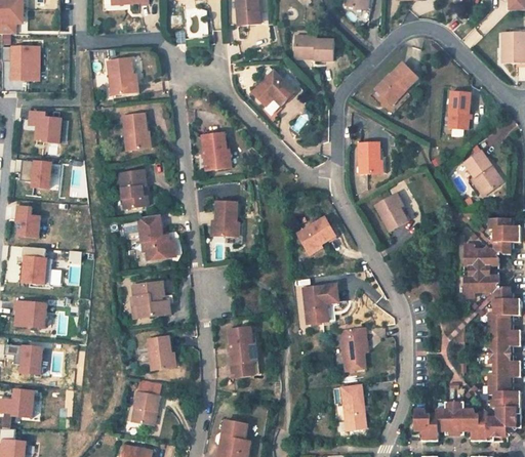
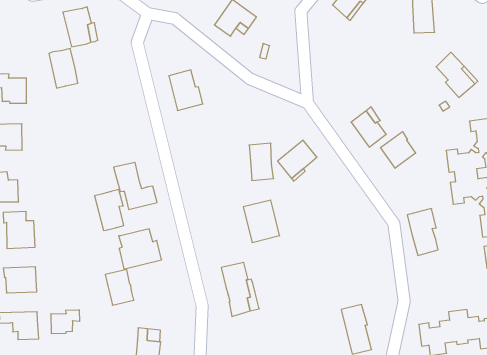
building: [121,114,146,151] -> [49,48,78,88]
building: [357,141,385,172] -> none
building: [117,170,144,208] -> [95,189,124,230]
building: [213,201,237,237] -> [249,143,274,180]
building: none -> [381,132,416,168]
building: [302,284,334,323] -> [243,200,280,242]
building: [339,326,366,370] -> [407,209,438,256]
building: [147,335,171,368] -> [105,270,134,305]
building: none -> [51,310,79,334]

